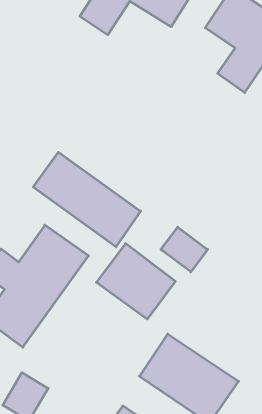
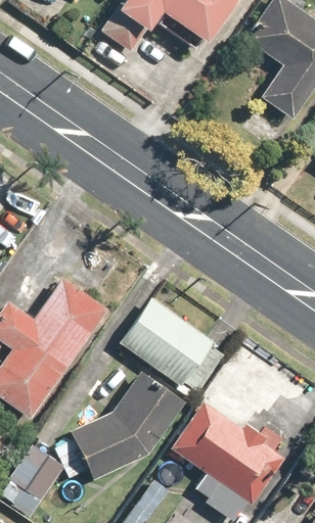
building: [33,152,141,247] -> none
building: [161,227,208,272] -> none
building: none -> [72,373,182,478]

